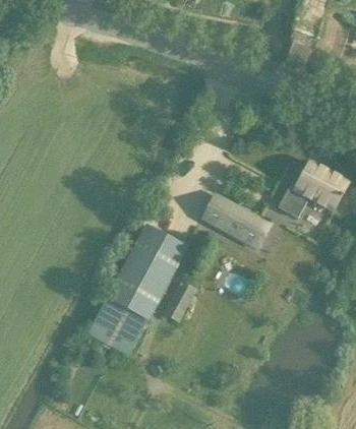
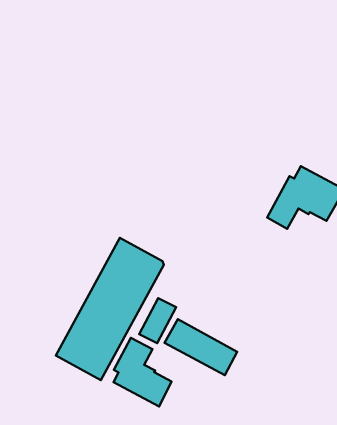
building: [202,195,269,246] -> [164,319,237,375]
building: none -> [113,338,172,407]

